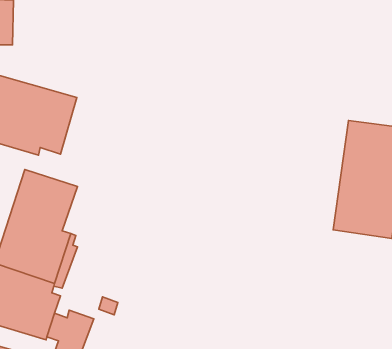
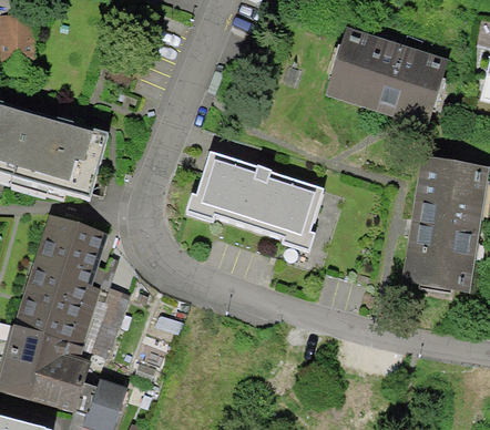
building: none -> [325,28,450,131]
building: none -> [187,157,325,255]
building: none -> [91,285,130,356]

